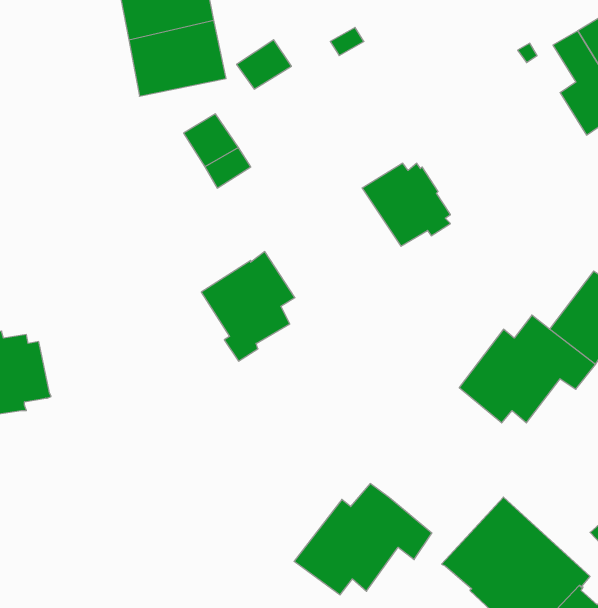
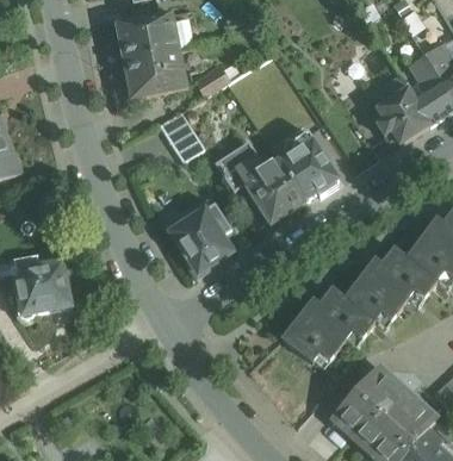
building: none -> [376,87,430,144]
building: none -> [218,147,306,225]
building: [294,484,432,595] -> [280,286,373,361]

